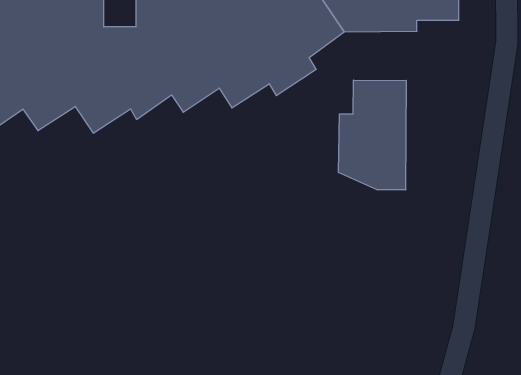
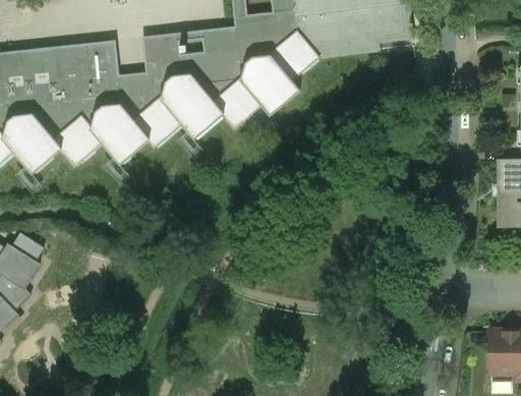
building: [339,80,406,190] -> none

